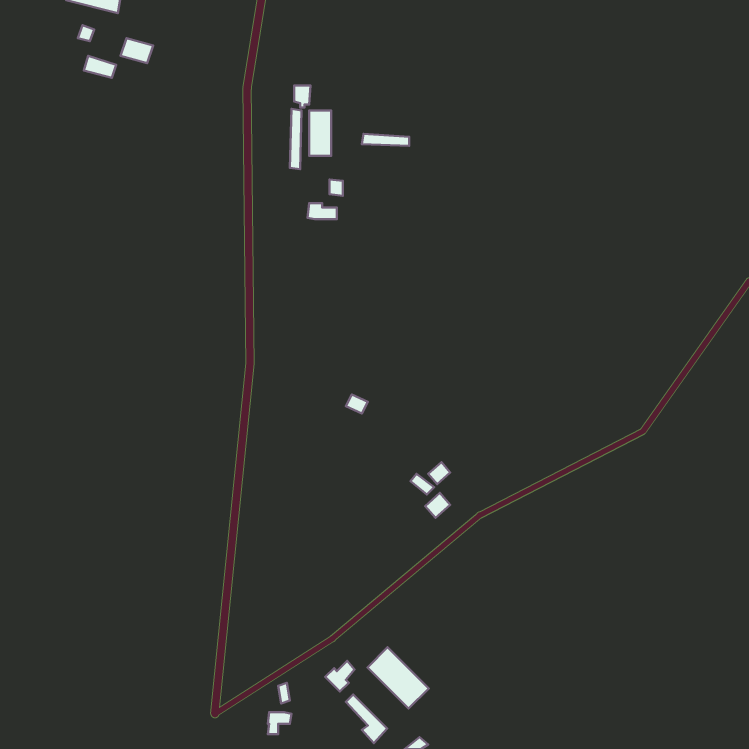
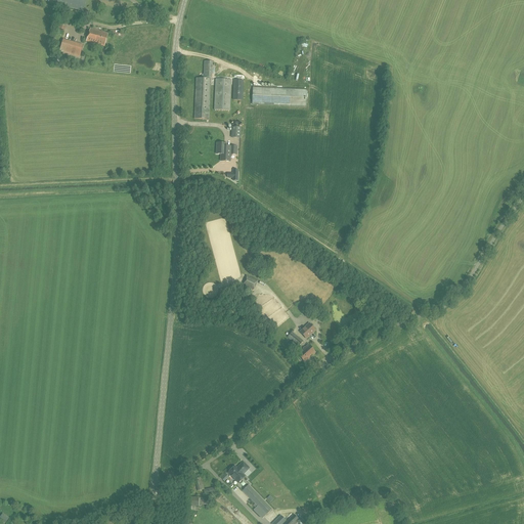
building: [367,647,429,709] -> none

